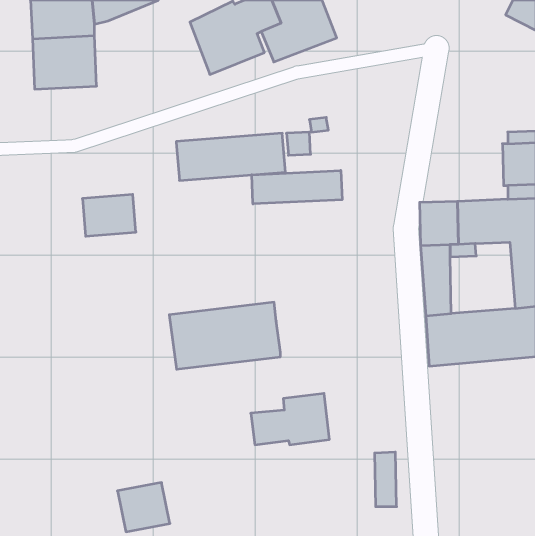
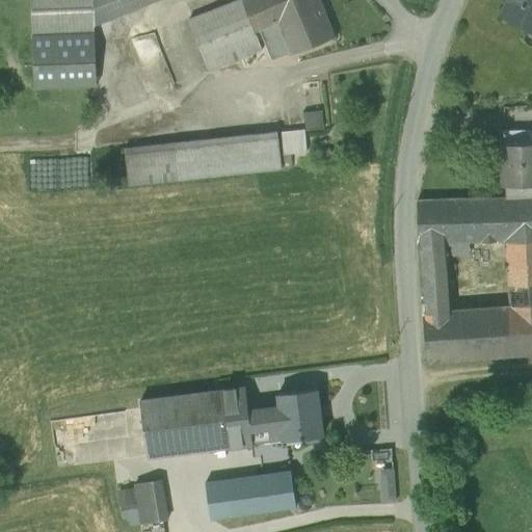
building: [252,170,342,204] -> none
building: [82,194,136,236] -> [126,141,179,183]
building: [169,302,280,369] -> [143,391,254,457]
building: none -> [209,471,297,520]

